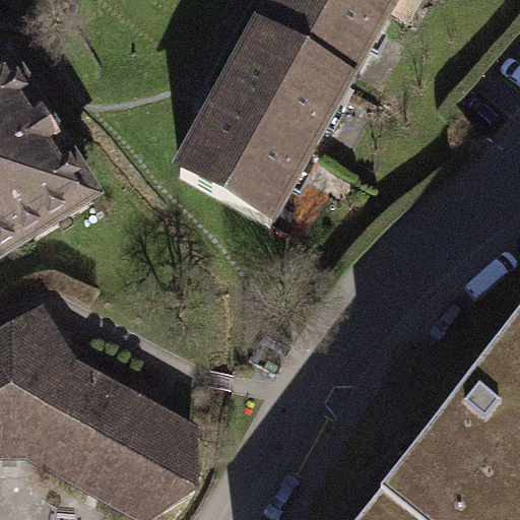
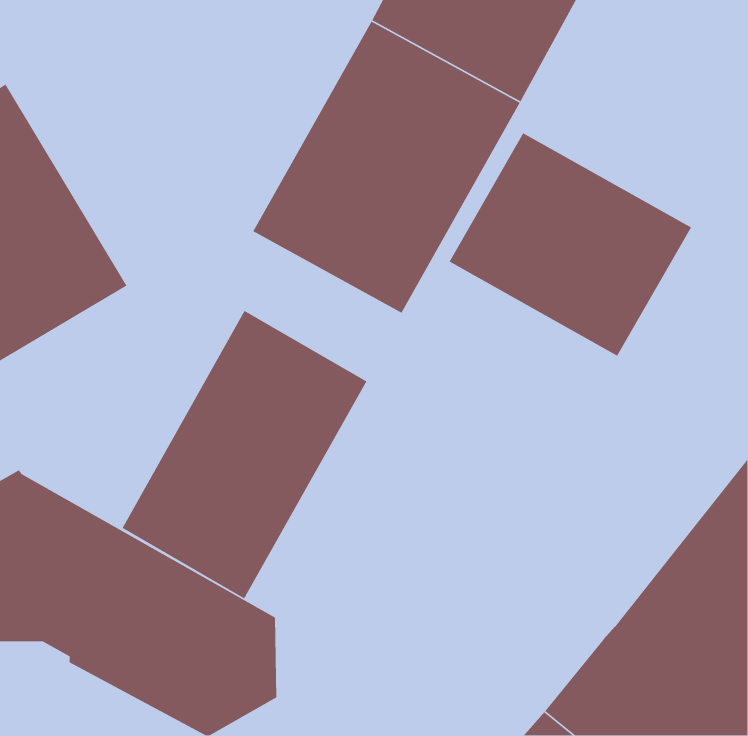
building: none -> [448,132,692,357]
building: none -> [121,310,368,600]

